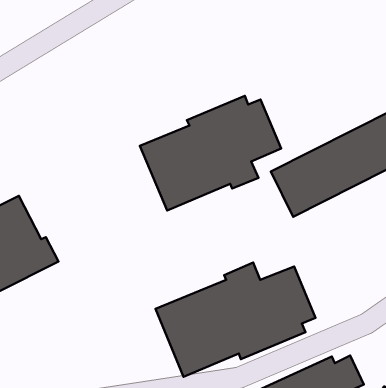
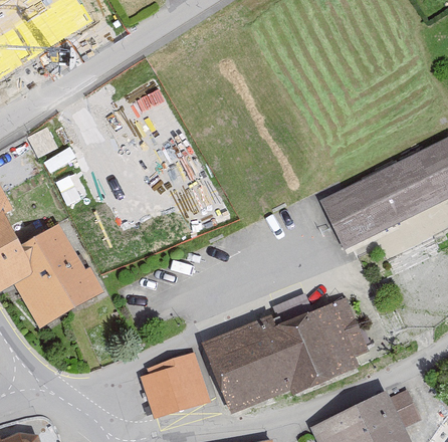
building: [140,96,281,211] -> none
building: none -> [142,352,211,420]

